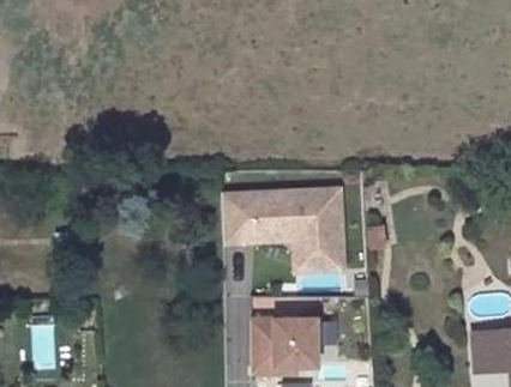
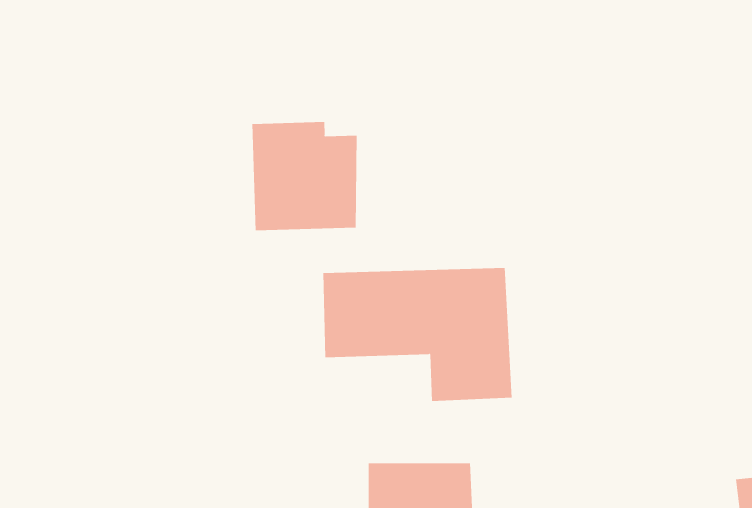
building: none -> [252,121,357,231]

